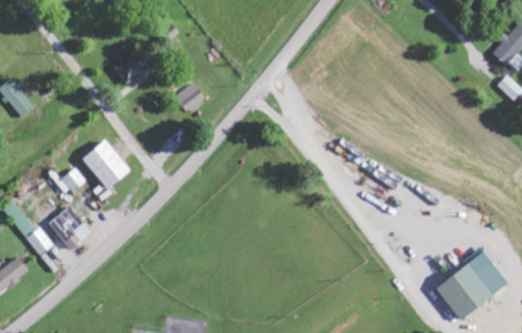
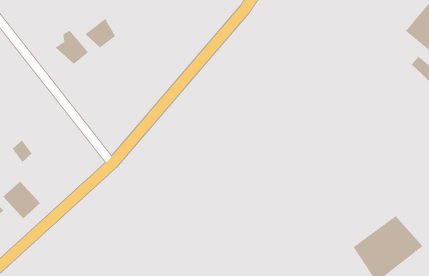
building: [173,79,207,112] -> [85,18,116,48]
building: [80,137,134,191] -> none

